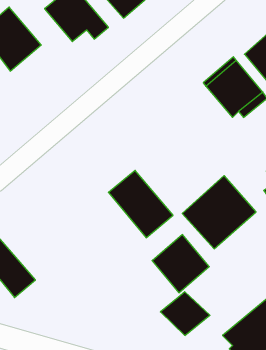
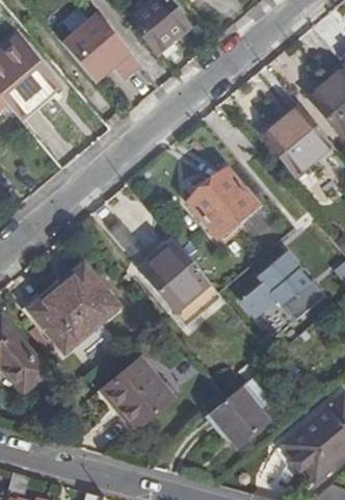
building: none -> [187,166,258,237]
building: none -> [29,265,120,352]
building: [152,235,209,293] -> [103,359,174,430]

